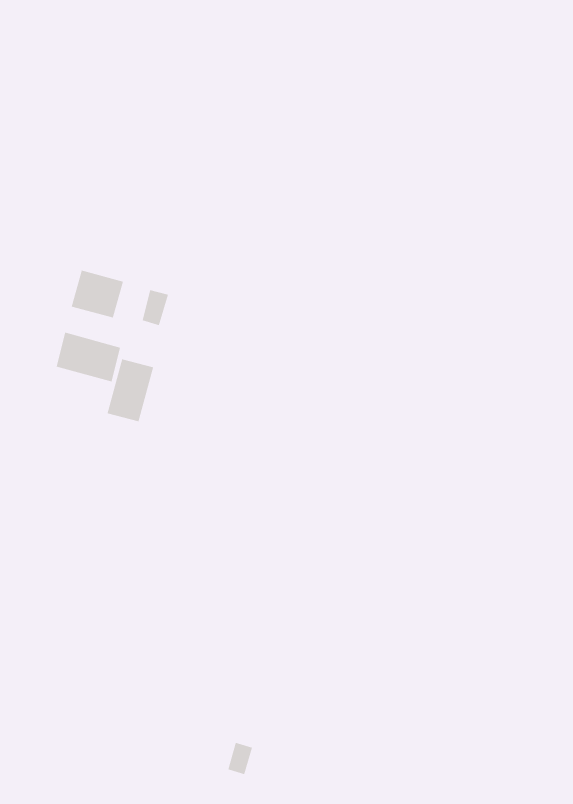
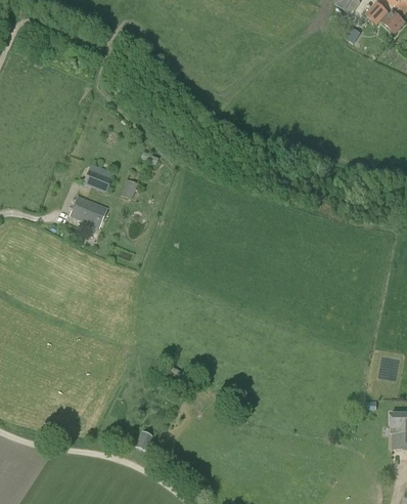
building: [107,359,154,422] -> none

